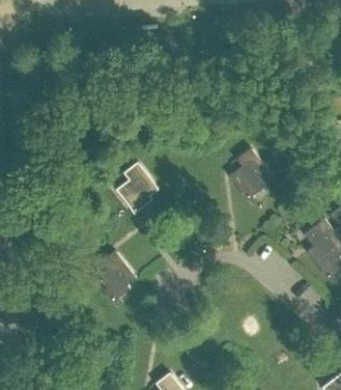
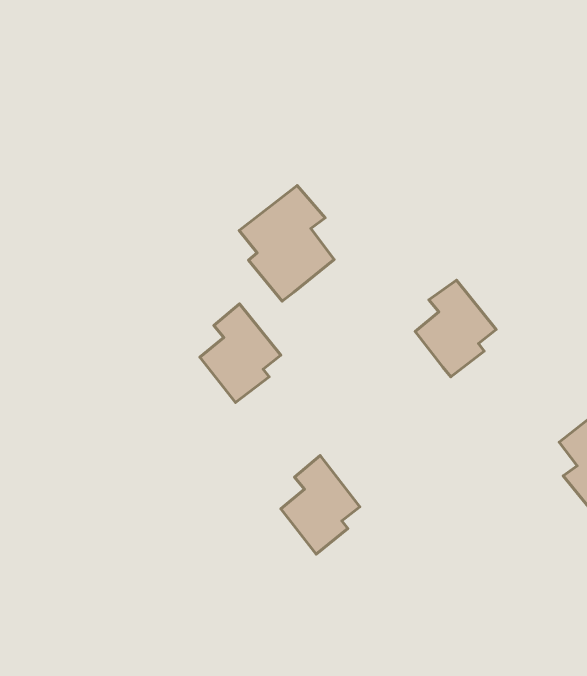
building: none -> [239,185,334,301]
building: [94,250,136,302] -> [281,456,360,554]

